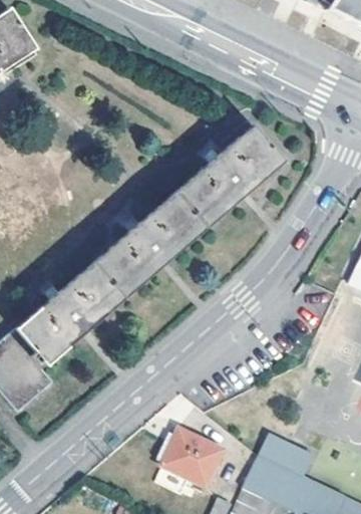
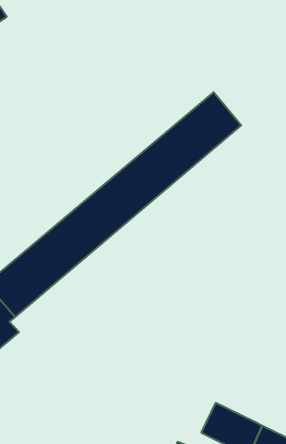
building: [161,427,223,485] -> none
building: [256,432,307,475] -> none

